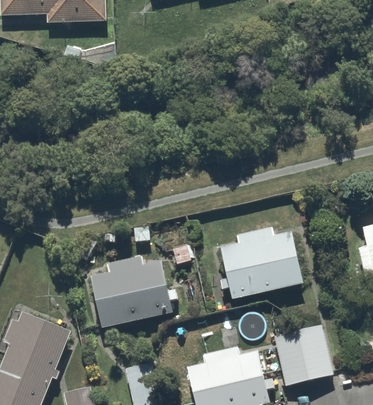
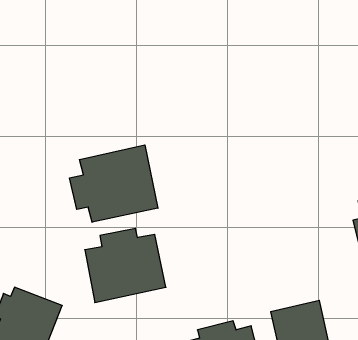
building: none -> [70,145,158,222]
building: [220,223,303,300] -> none

